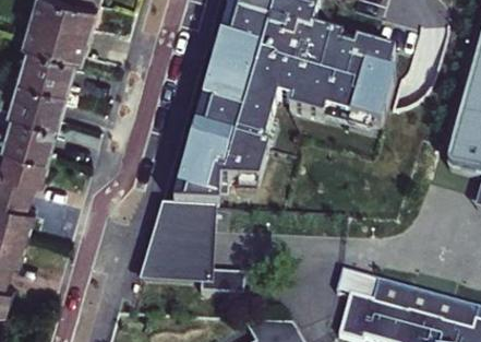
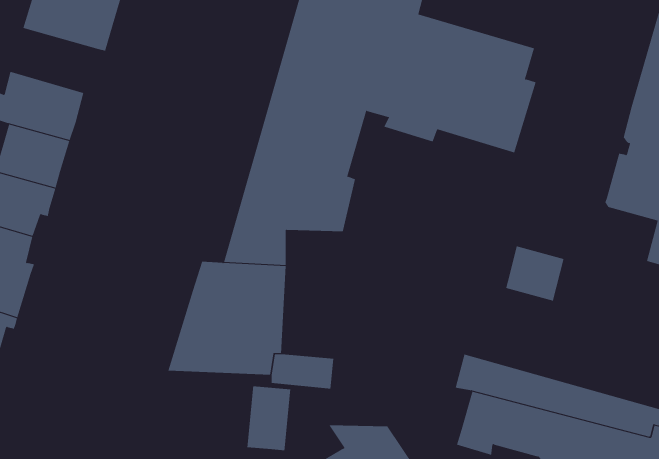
building: [21,36,83,82] -> none
building: none -> [505,245,564,301]
building: none -> [247,386,291,451]

